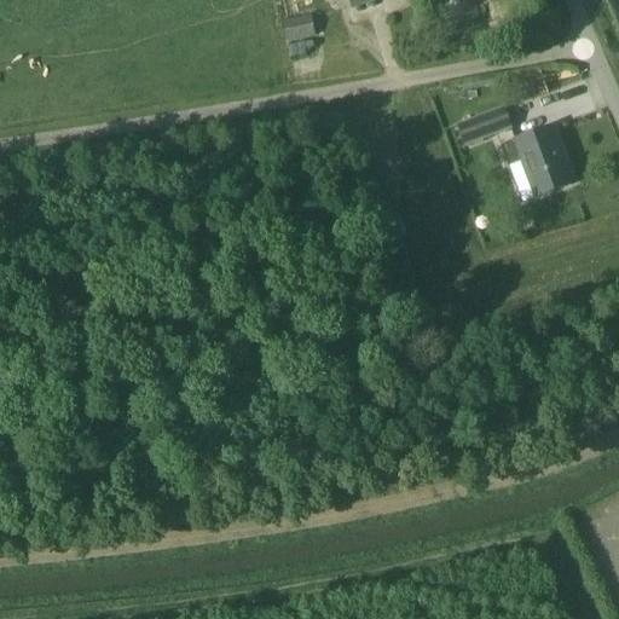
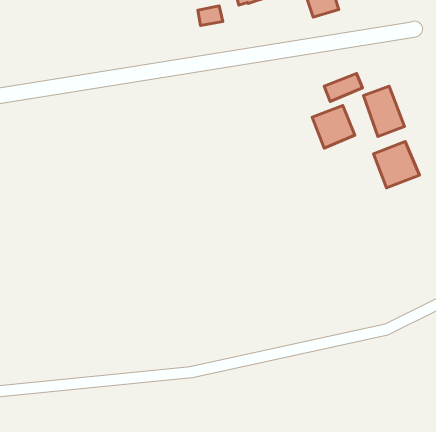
building: none -> [312,105,355,148]
building: none -> [373,141,420,188]

